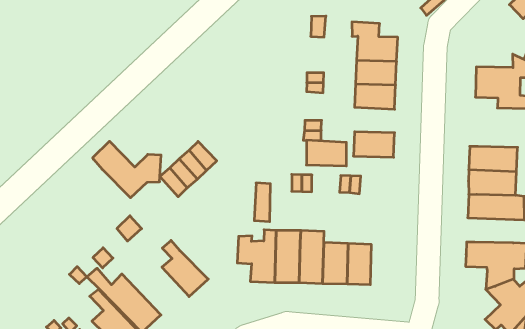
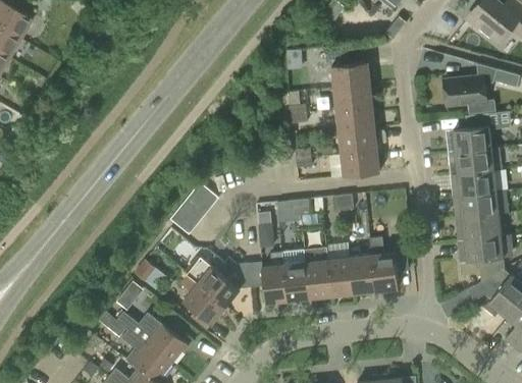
building: none -> [446,125,491,153]
building: [306,140,346,166] -> [337,128,377,154]
building: [93,141,161,198] -> [186,258,250,307]
building: none -> [455,214,500,240]
building: none -> [370,237,407,291]

